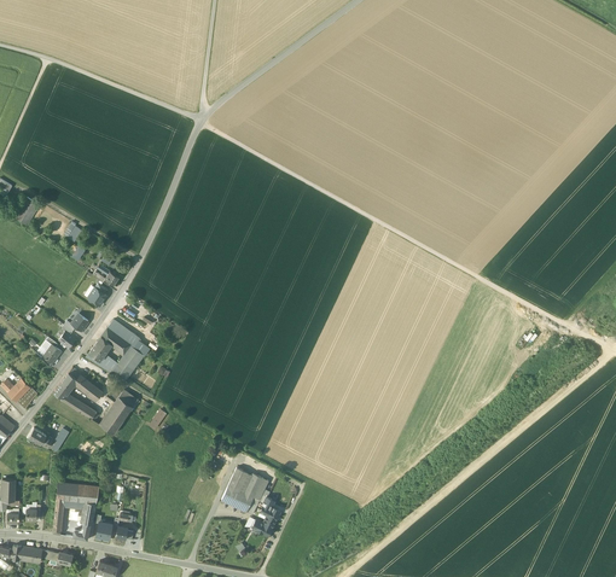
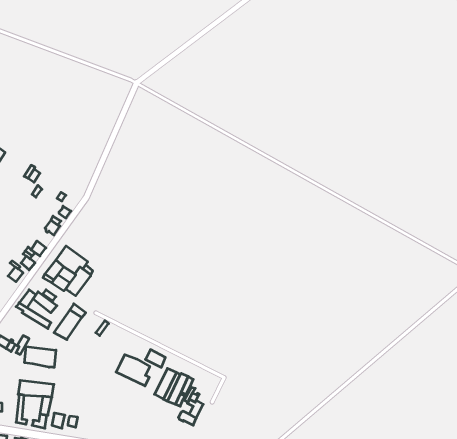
building: none -> [25,347,56,367]
building: none -> [116,355,150,386]

